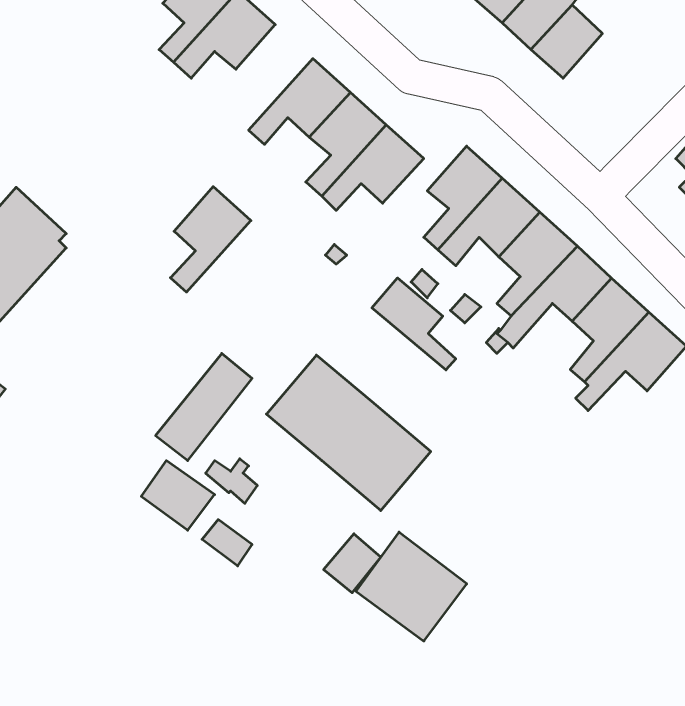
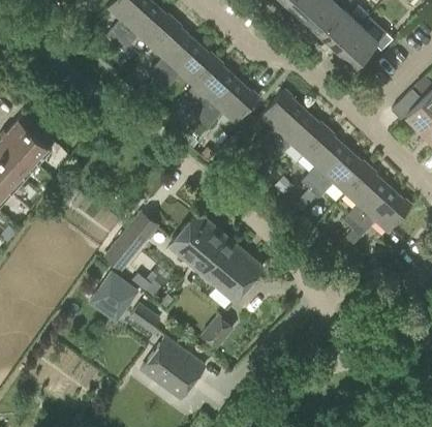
building: none -> [339,25,393,66]
building: [170,187,251,292] -> [148,20,194,81]
building: [372,278,456,370] -> none
building: [356,532,467,641] -> [141,336,205,399]

